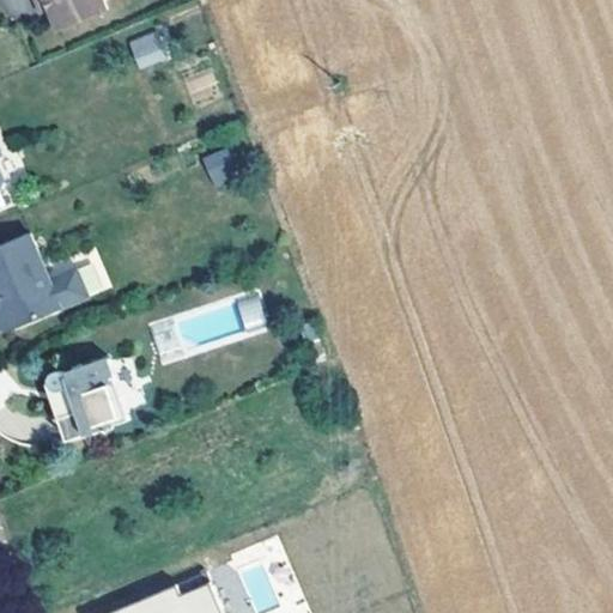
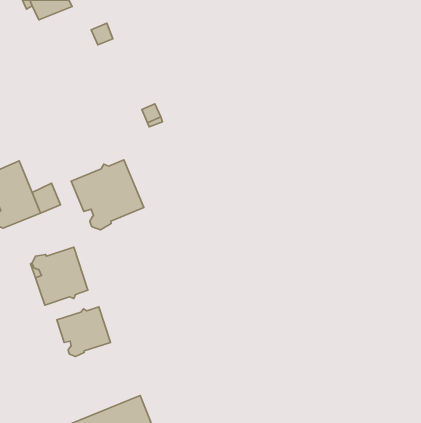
building: none -> [71,160,144,230]
building: none -> [57,307,111,357]

